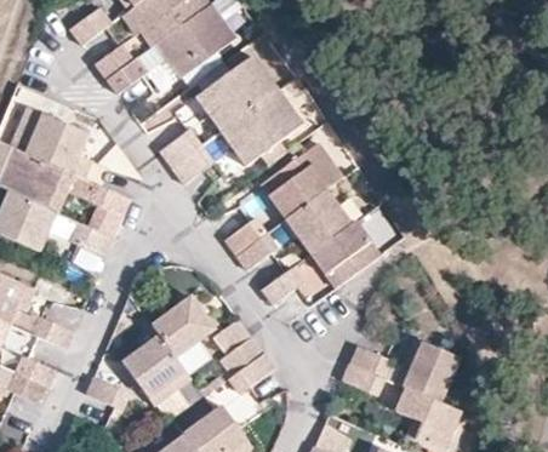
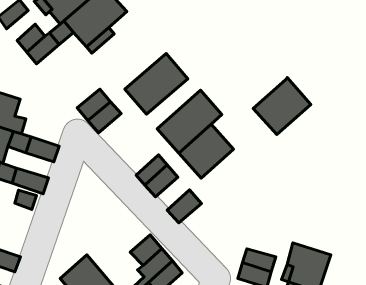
building: [195,58,276,132] -> none
building: [307,217,379,287] -> [253,78,311,135]
building: [150,301,211,360] -> none

